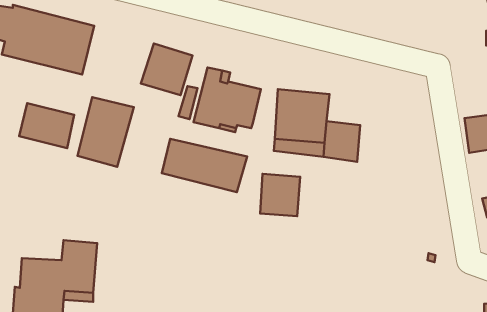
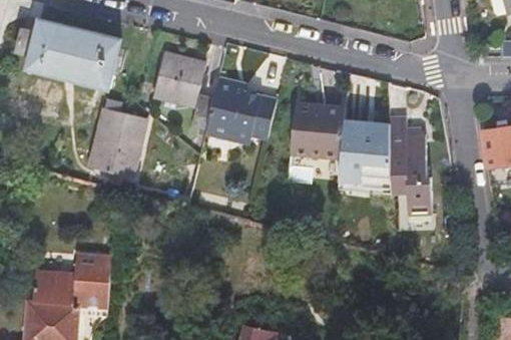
building: [19,103,74,148] -> none
building: none -> [390,116,431,214]
building: [162,139,247,192] -> none
building: [260,174,300,216] -> none

